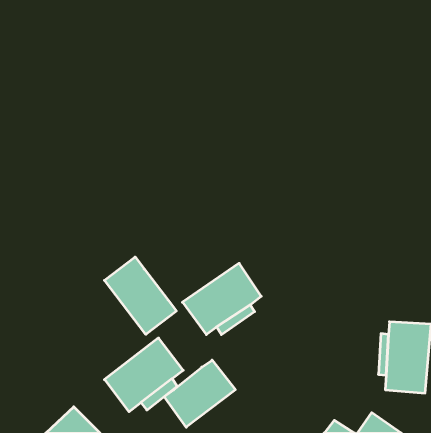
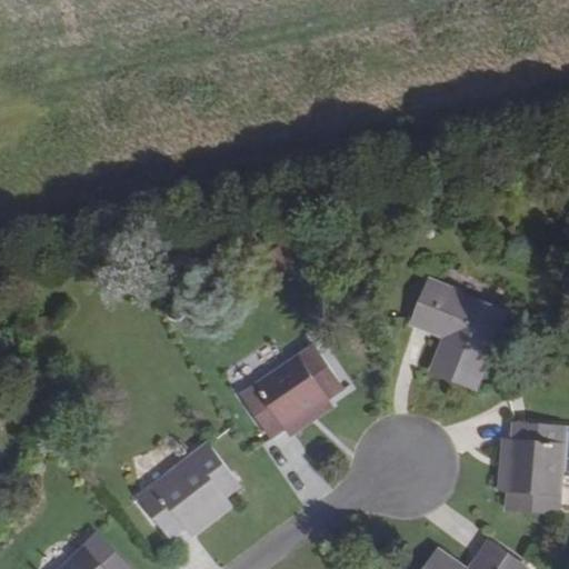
building: none -> [411,280,505,388]
building: [104,257,176,334] -> none
building: [164,360,235,427] -> none

